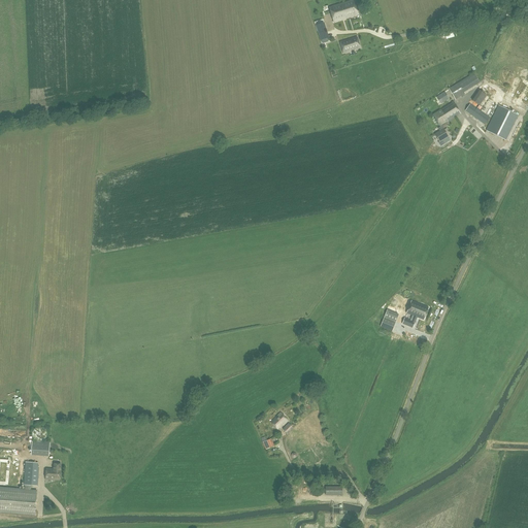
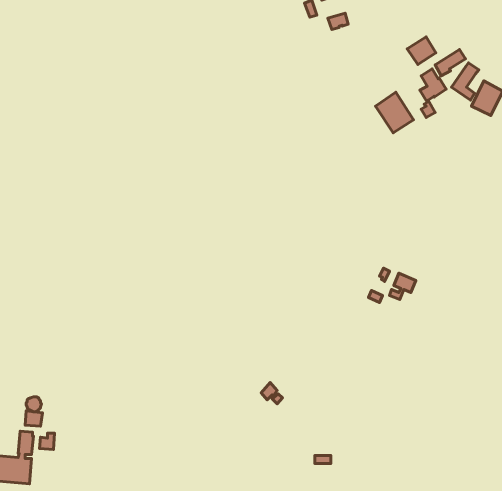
building: none -> [407,37,436,64]
building: none -> [376,92,414,133]

